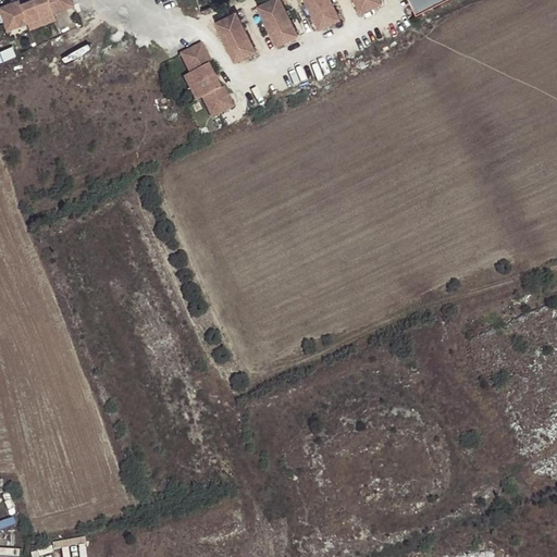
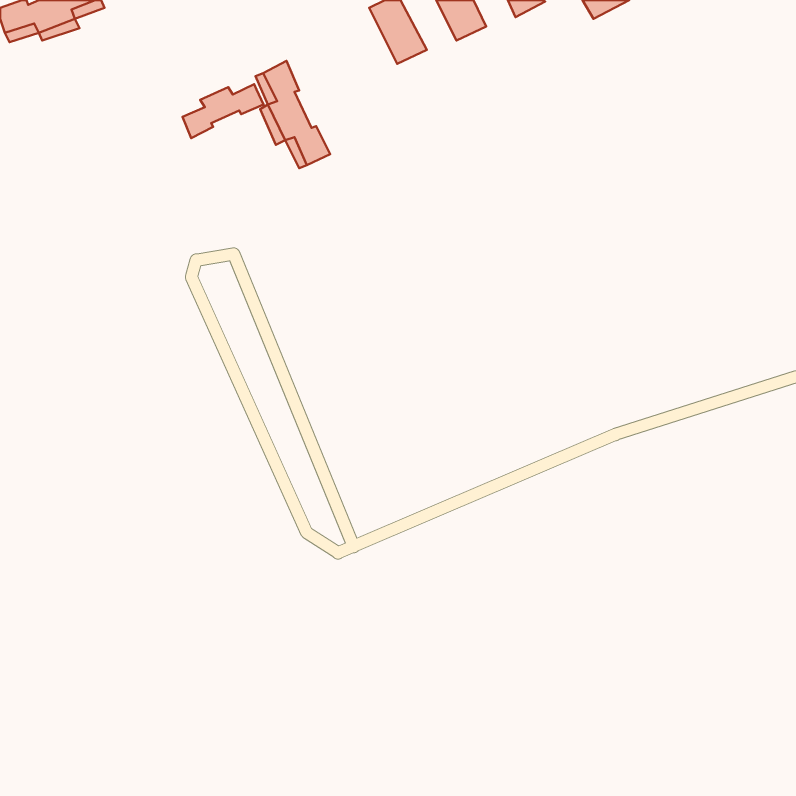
building: [215,12,256,62] -> none
building: none -> [182,84,264,138]

